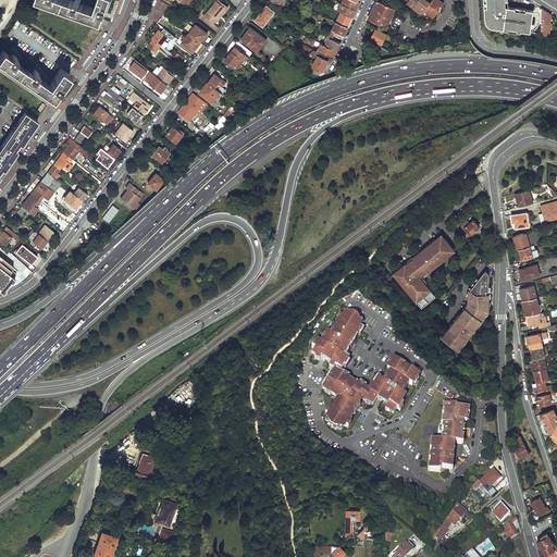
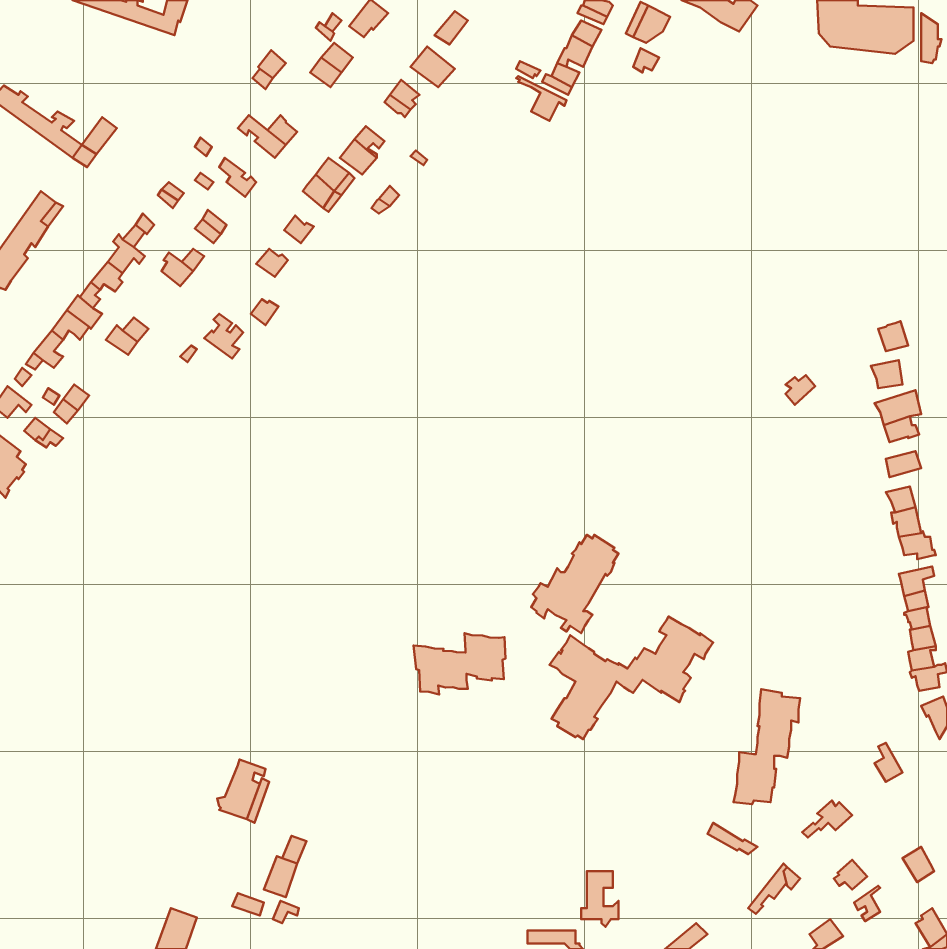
building: [393,234,454,308] -> none
building: [441,270,488,351] -> none
building: none -> [414,633,506,694]

